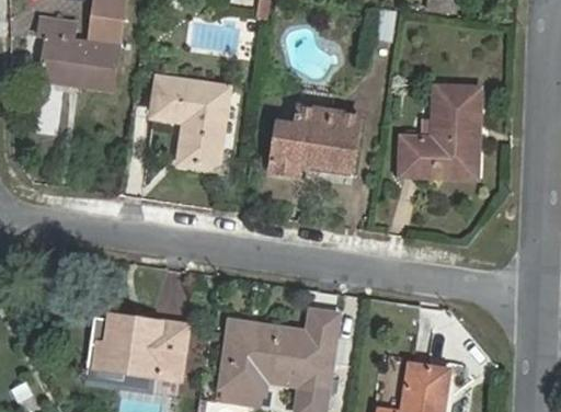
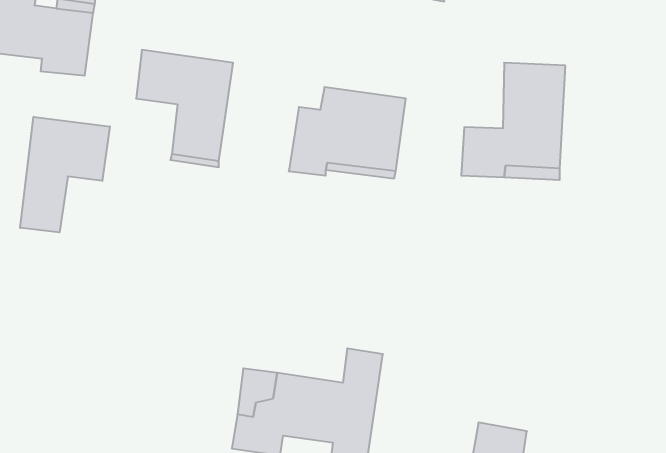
building: none -> [20,117,110,232]
building: [92,313,186,376] -> none

